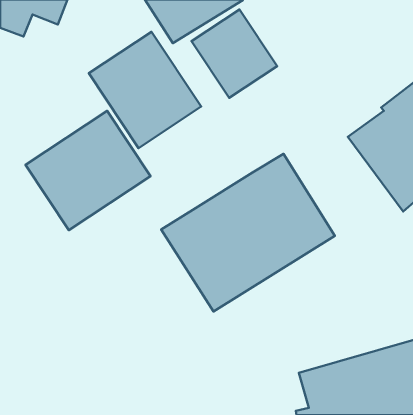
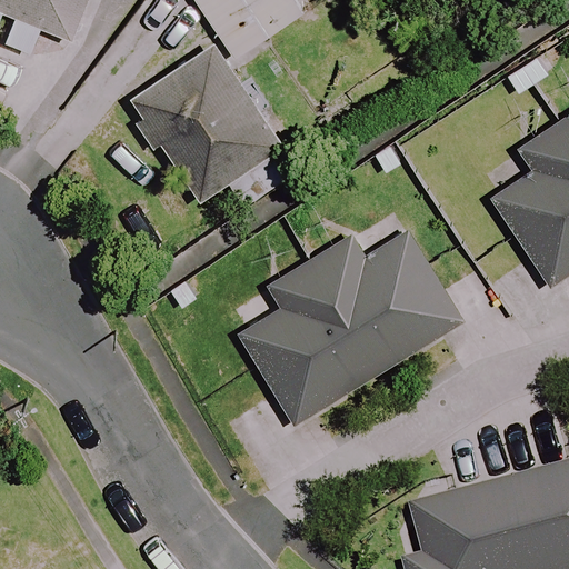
building: [192,9,277,98] -> none
building: [25,111,150,230] -> none

